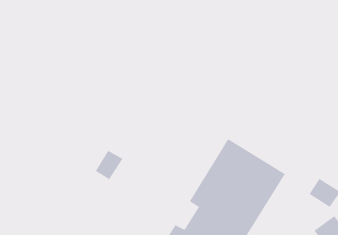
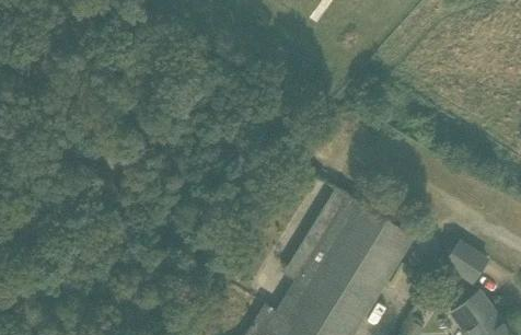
building: [95,150,124,180] -> none

